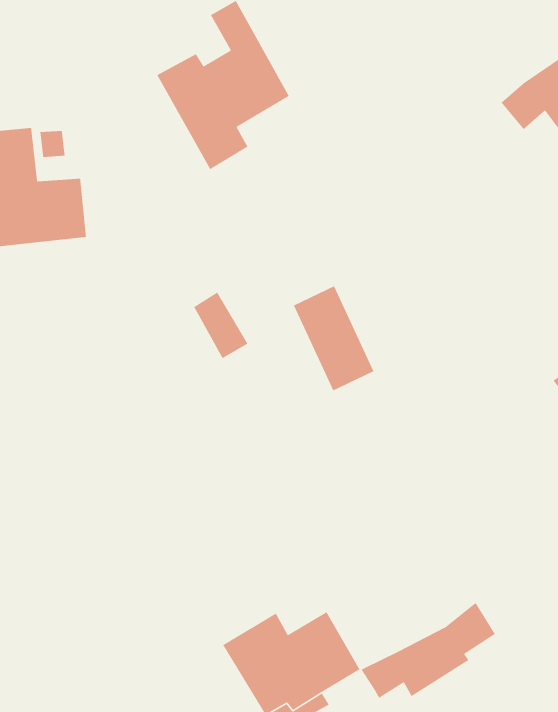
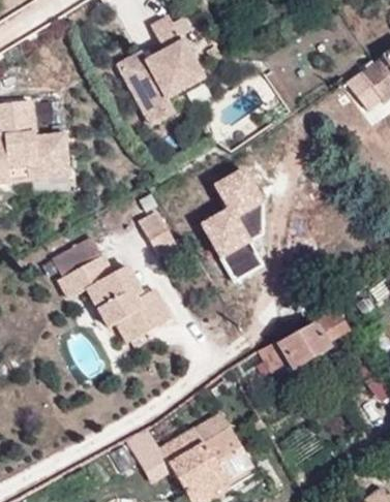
building: none -> [220,168,267,227]
building: none -> [55,239,173,344]
building: [361,602,496,699] -> [258,306,349,371]

